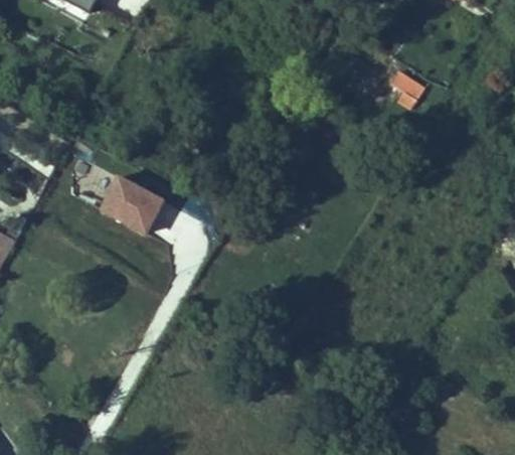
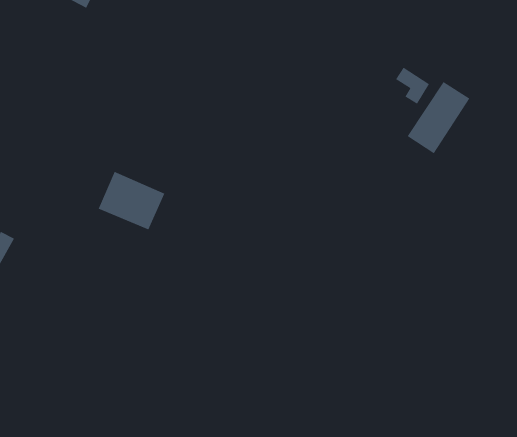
building: none -> [407,81,470,154]

